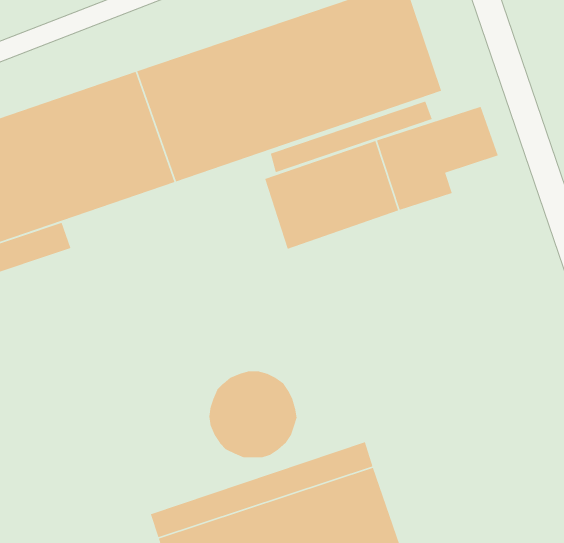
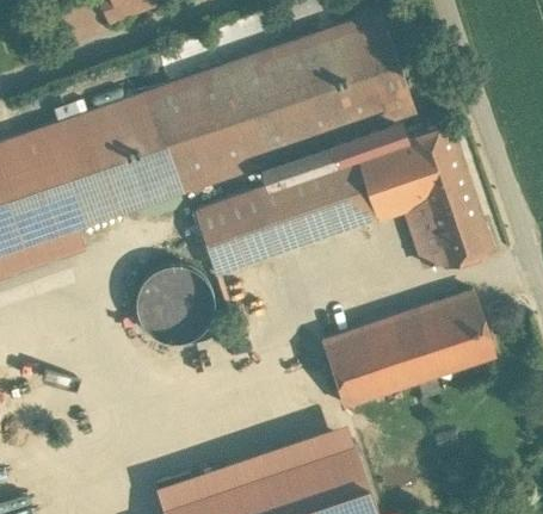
building: none -> [413,169,492,266]
building: none -> [196,190,277,274]
building: none -> [321,291,493,407]
building: [208,371,297,458] -> [135,265,214,342]

